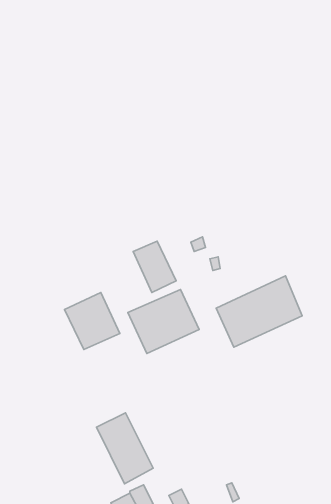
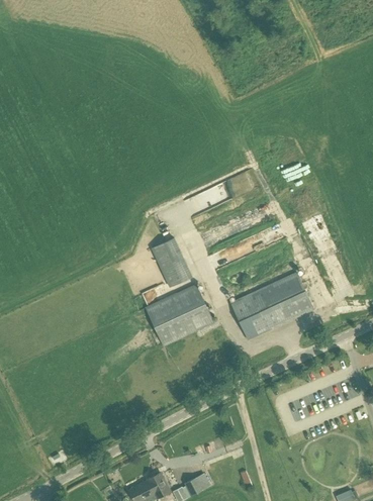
building: [64,293,120,350] -> none
building: [97,413,153,484] -> none

